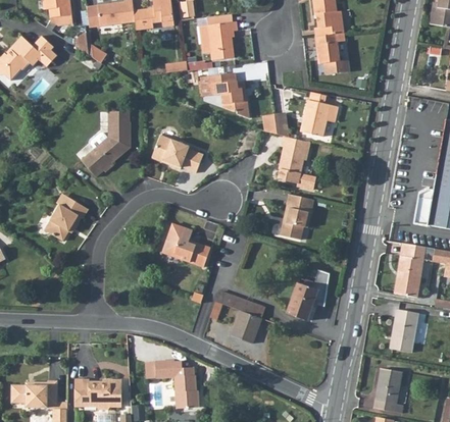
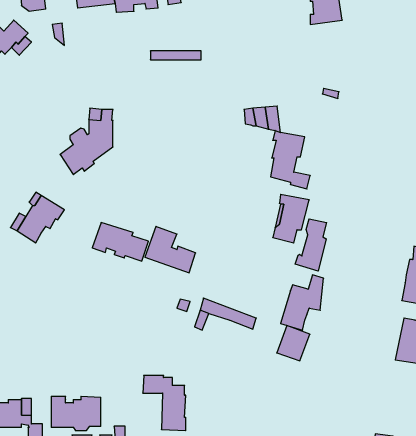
building: [207,22,238,61] -> none
building: [315,34,346,65] -> none
building: [199,75,248,120] -> none
building: [300,100,335,137] -> none
building: [152,138,204,173] -> [92,223,148,261]
building: none -> [295,219,327,271]
building: [232,311,262,344] -> [277,325,310,361]
building: [377,367,404,413] -> none

